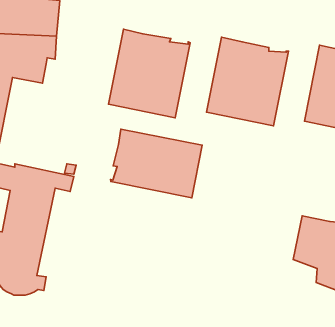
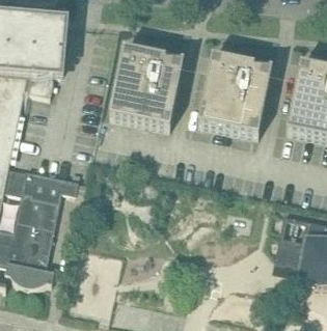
building: [110,129,202,198] -> none

